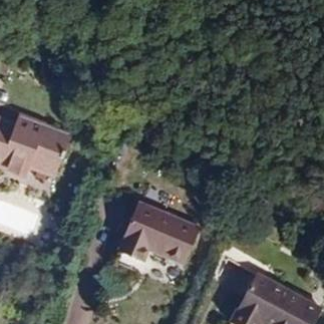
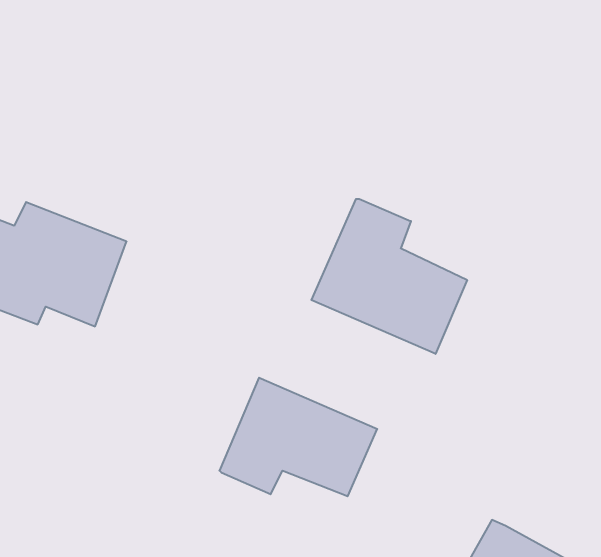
building: none -> [311,199,467,354]

